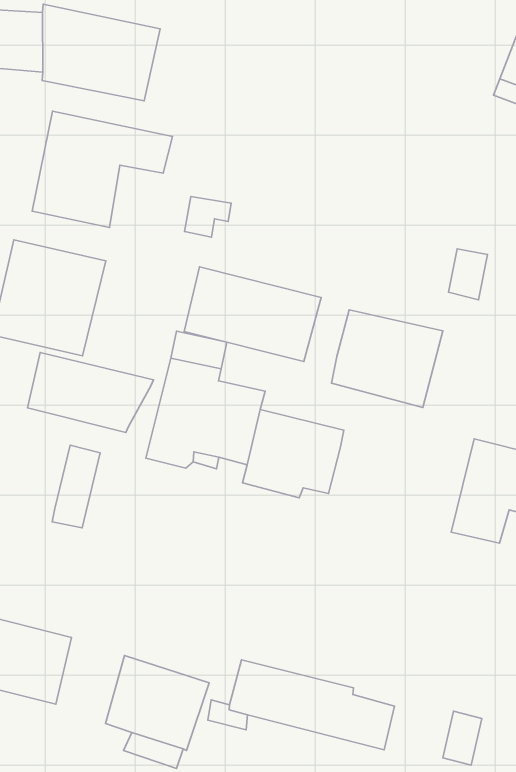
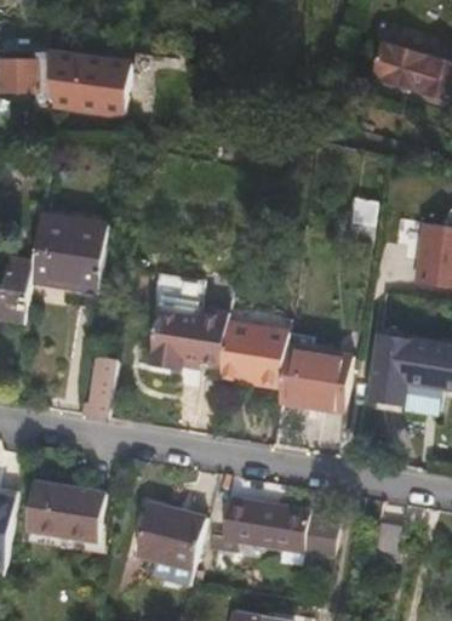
building: [32,111,172,227] -> none
building: [184,267,321,361] -> none
building: [331,310,443,408] -> [276,343,353,409]
building: [28,353,153,432] -> none

